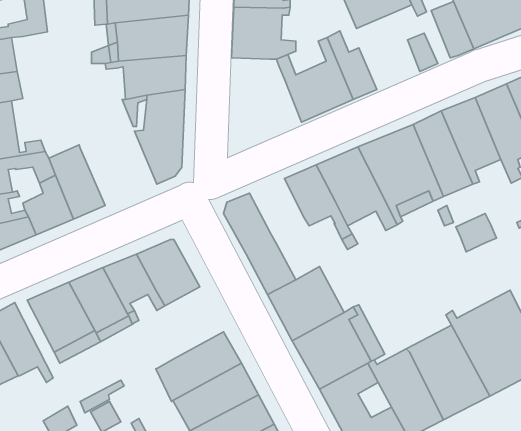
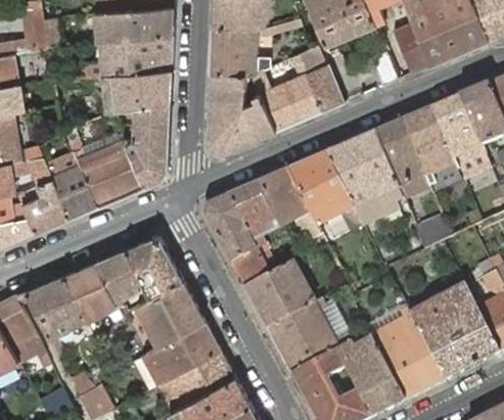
building: none -> [208,72,275,152]
building: none -> [64,127,144,205]
building: none -> [228,181,282,240]
building: none -> [138,279,204,344]

